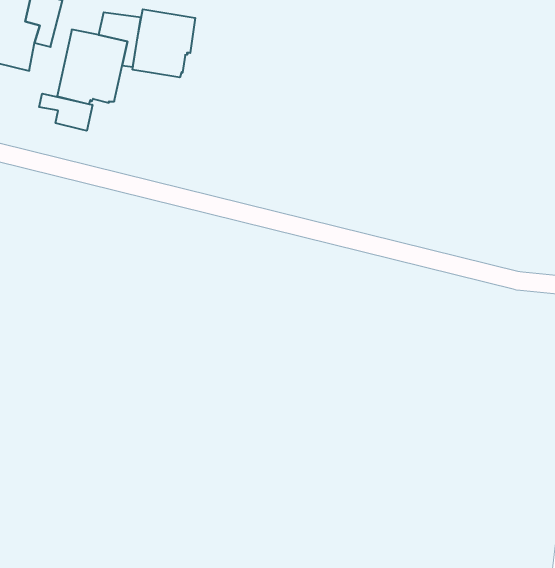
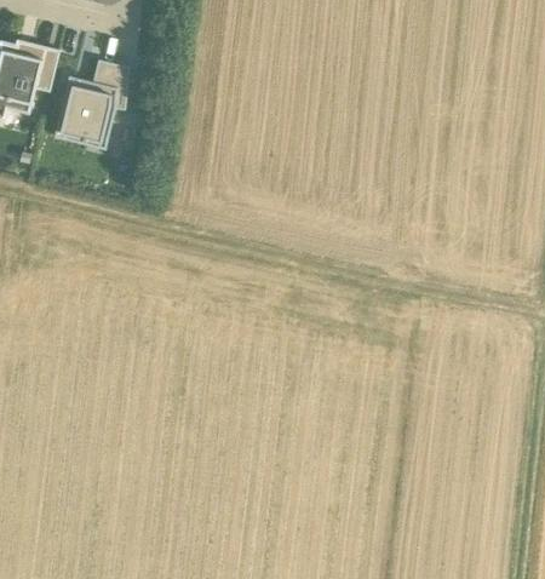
building: [133,9,195,77] -> none
building: [39,94,92,131] -> none

